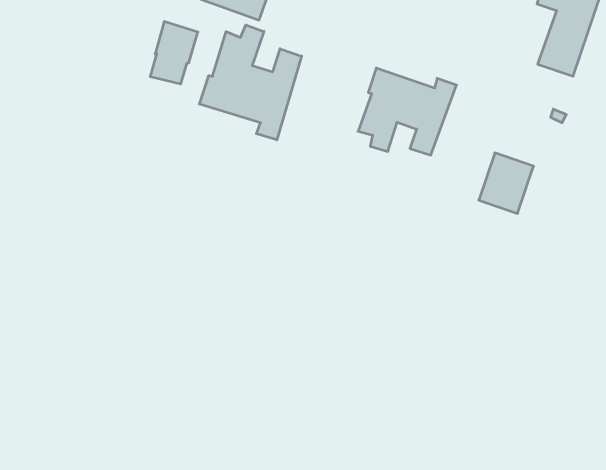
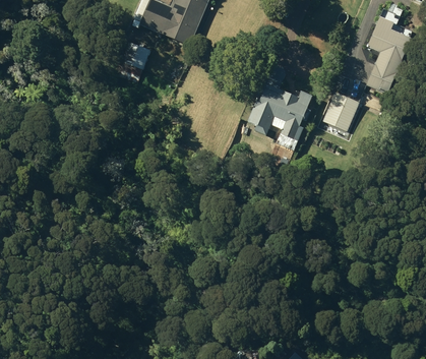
building: [199,25,302,140] -> none
building: [479,153,534,213] -> [322,92,359,131]

